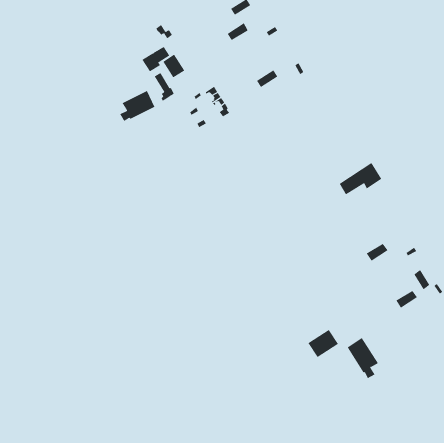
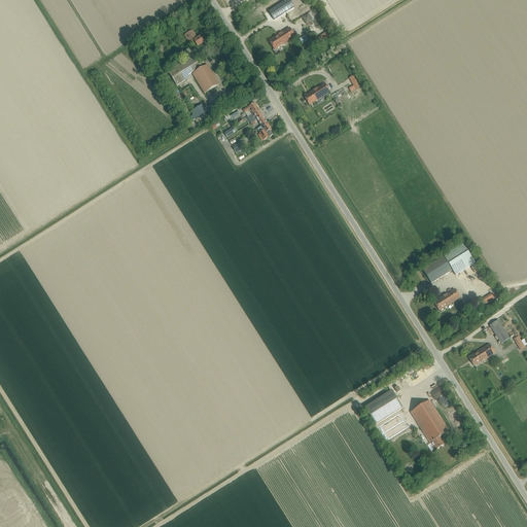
building: [120,90,155,122] -> none
building: [339,162,382,195] -> [423,243,475,282]

